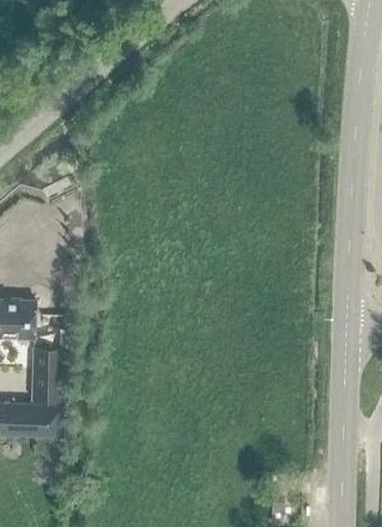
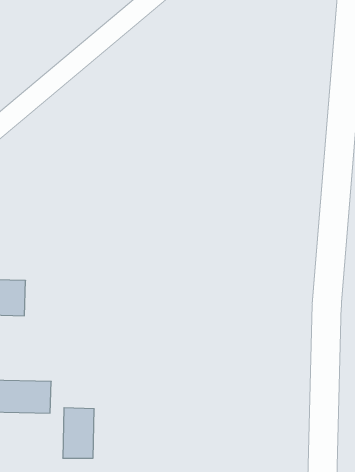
building: [32,347,65,399] -> [63,408,94,458]

